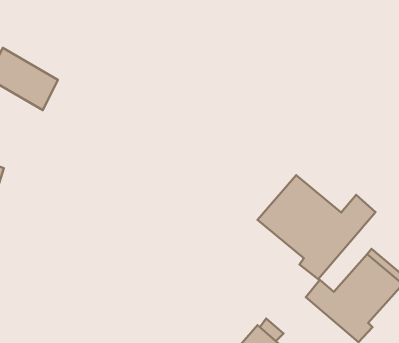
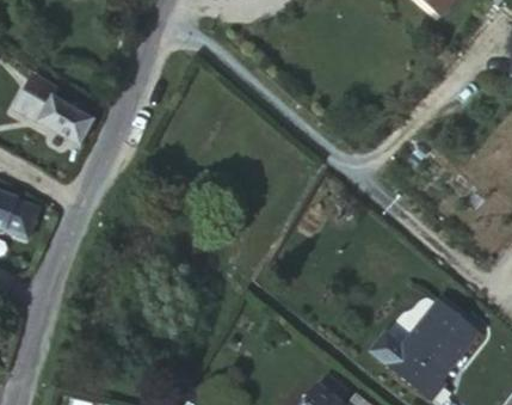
building: [257,175,375,279] -> none

